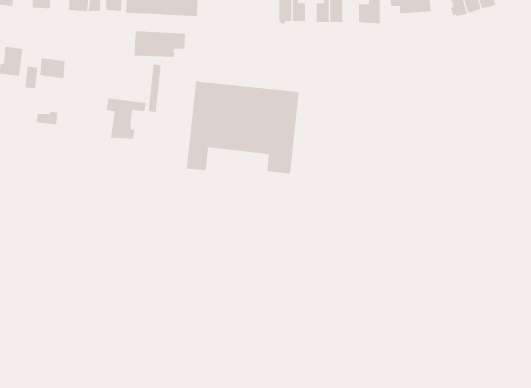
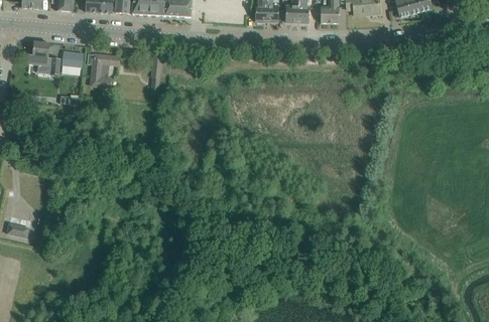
building: [134,31,186,58] -> none
building: [186,80,299,174] -> none
building: [105,98,146,139] -> [87,52,120,86]

